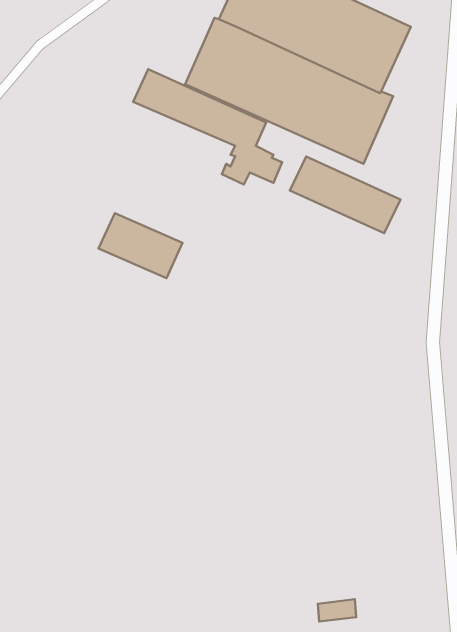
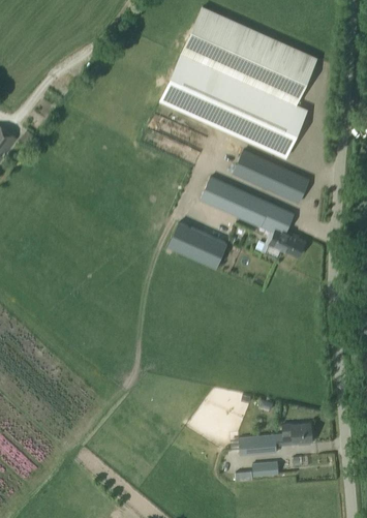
building: [133,69,282,184] -> [201,177,305,257]
building: [98,213,183,278] -> [169,222,227,268]
building: none -> [238,421,312,455]

